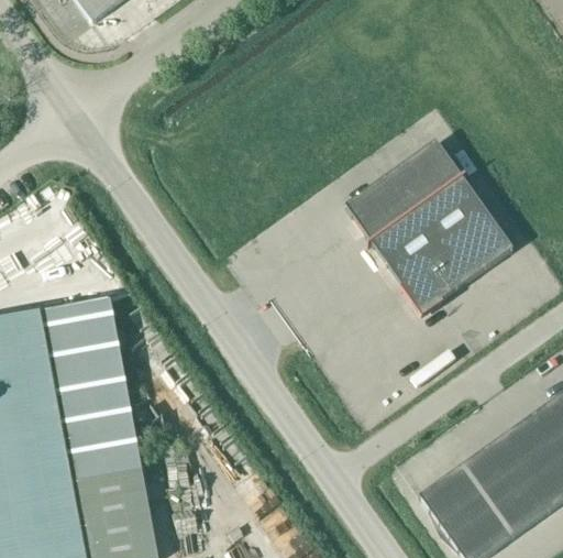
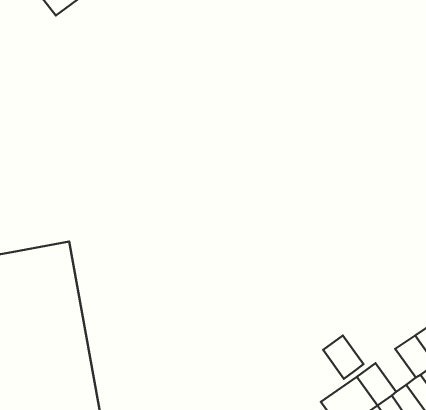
building: [346,140,514,313] -> none
building: [486,430,536,483] -> [323,336,364,379]

